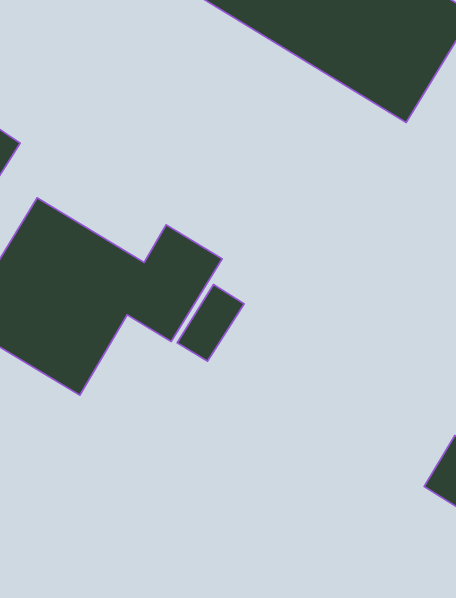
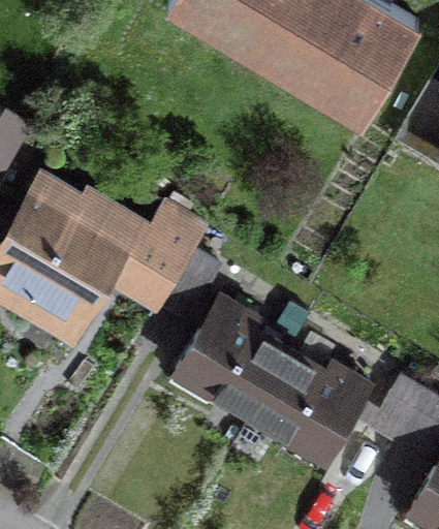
building: none -> [175,293,372,458]

